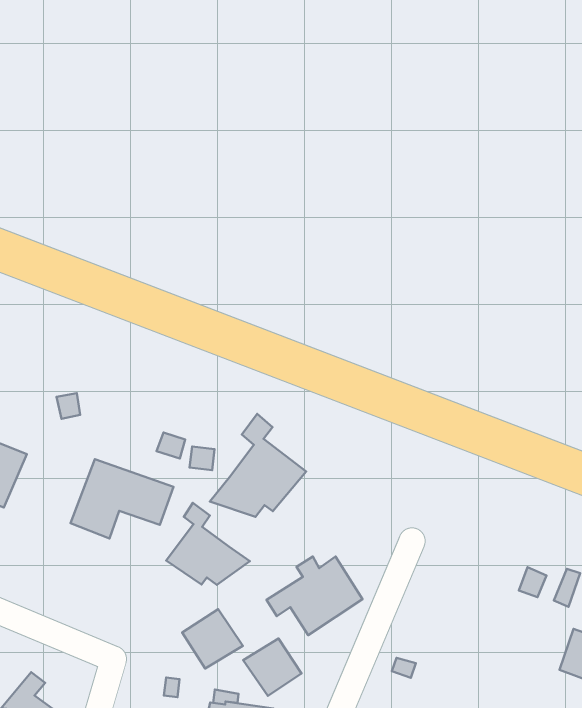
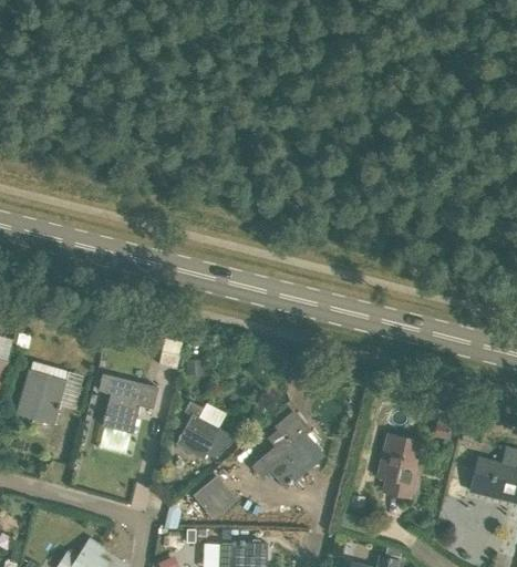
building: [210,414,306,517] -> none
building: none -> [378,431,417,499]
building: [243,638,302,696] -> none

